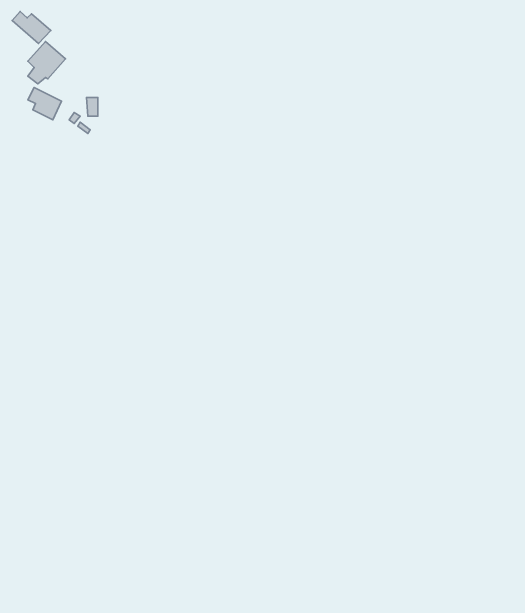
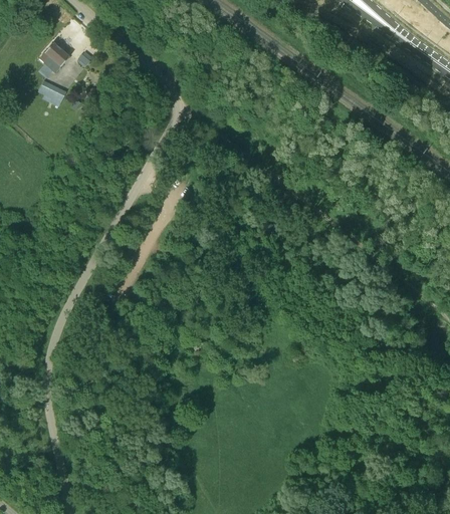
building: [12,11,51,44] -> none

